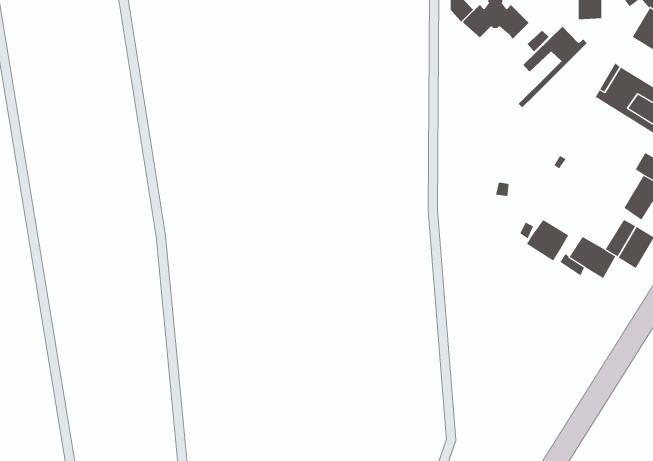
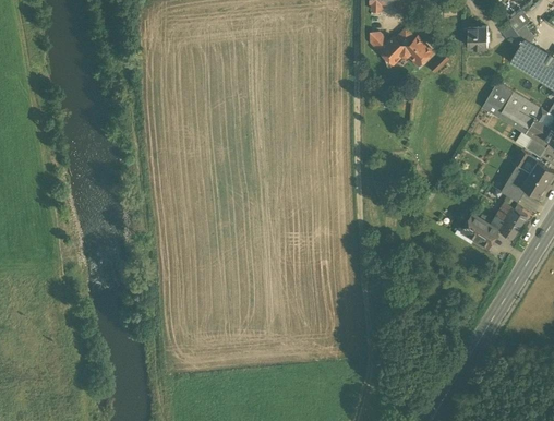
building: [518,26,587,108] -> none
building: [526,219,569,262] -> none

